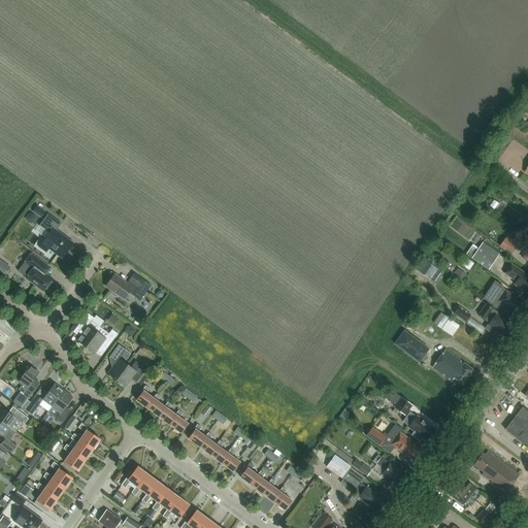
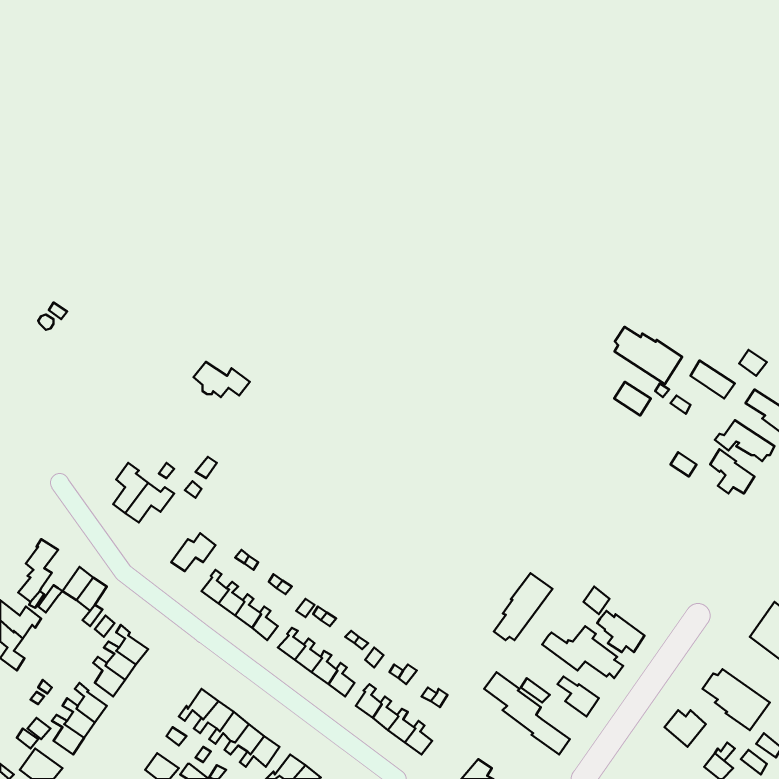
building: [39,212,74,258] -> none
building: none -> [614,327,682,384]
building: [19,252,53,290] -> none
building: [106,274,144,298] -> [193,362,250,397]
building: [396,330,430,362] -> none
building: [108,343,132,380] -> none
building: [434,350,474,384] -> none
building: none -> [494,573,552,640]

